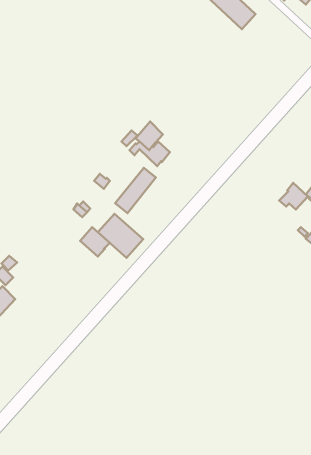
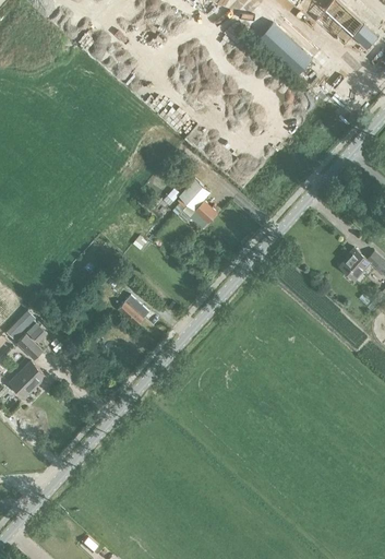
building: [115,168,156,213] -> none
building: [98,214,143,258] -> none

